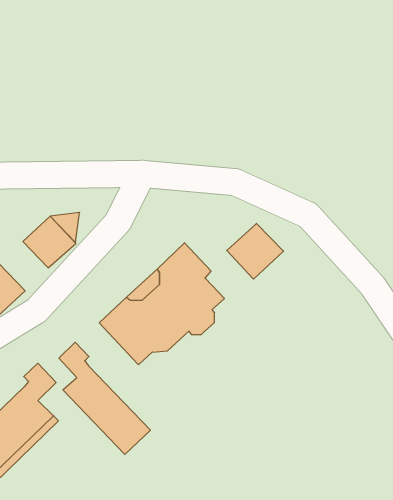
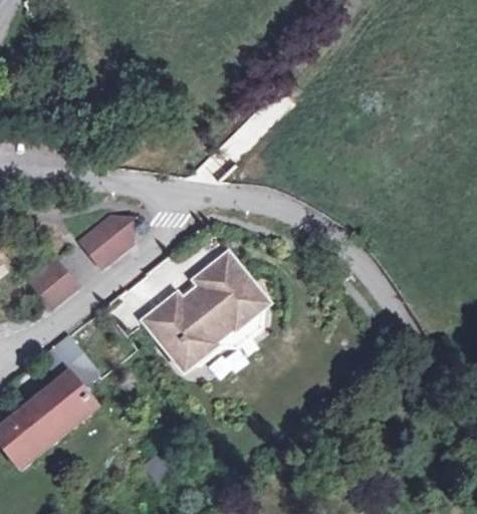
building: [227,223,284,279] -> none
building: [59,342,150,454] -> none

